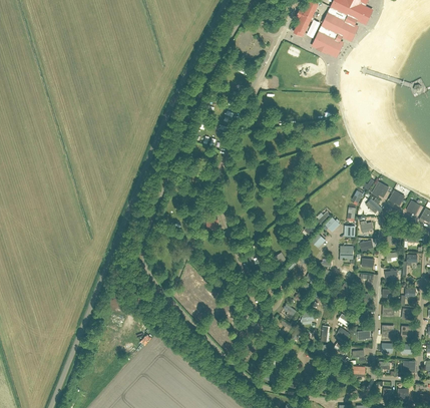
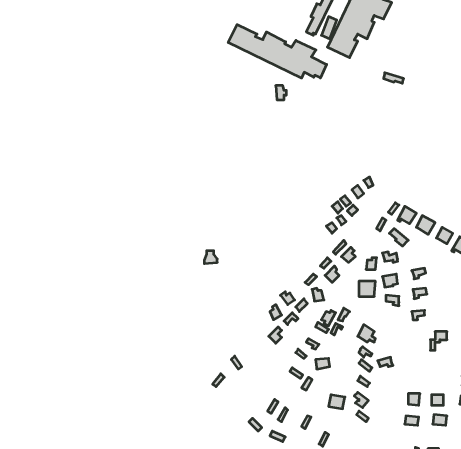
building: none -> [228,25,327,78]

